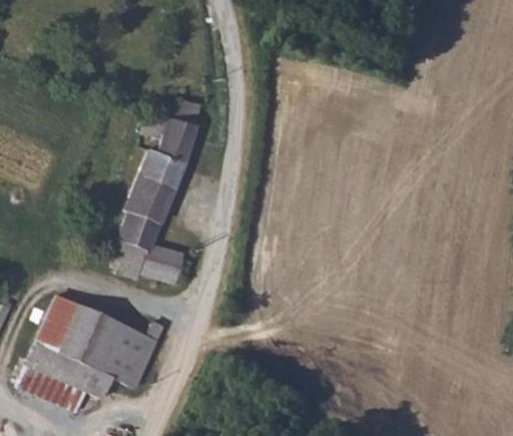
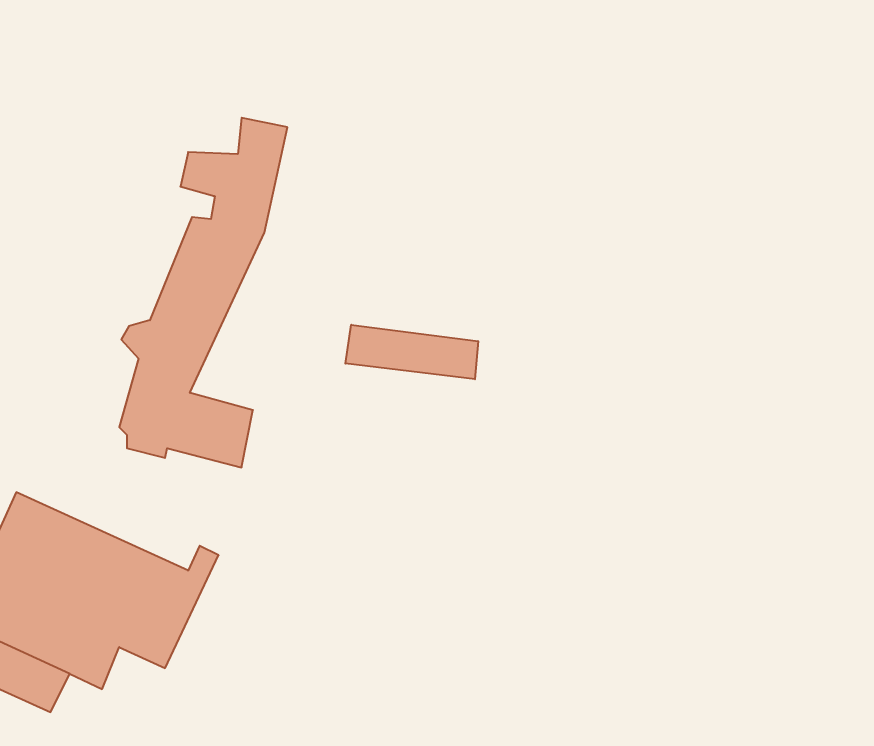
building: none -> [345,325,478,379]

